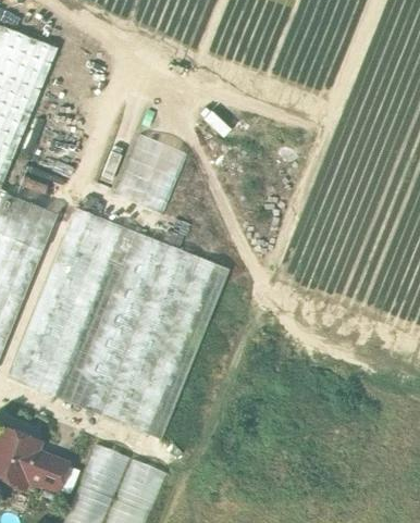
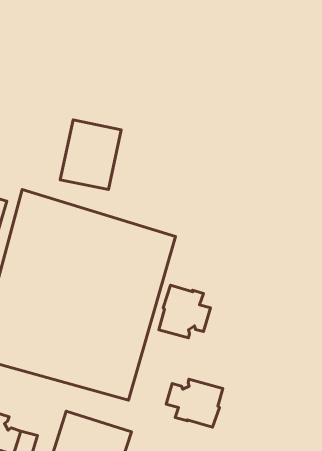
building: none -> [159,285,210,338]
building: none -> [166,379,223,427]

